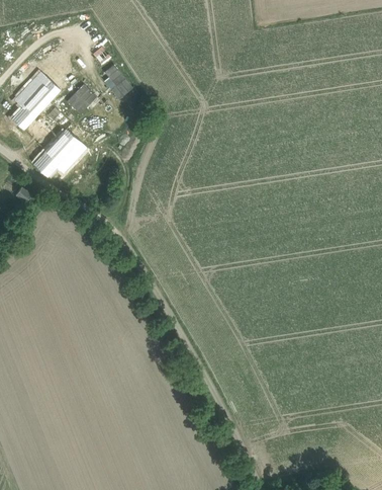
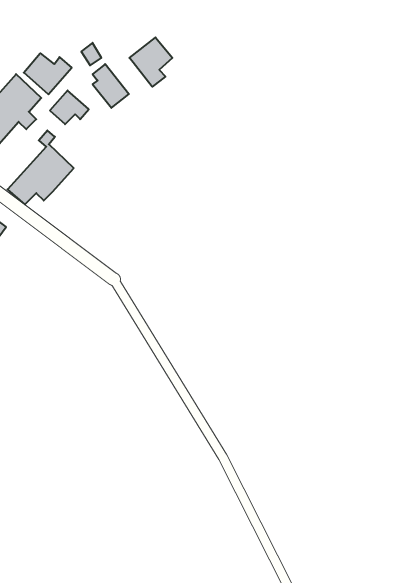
building: none -> [129,37,172,87]
building: none -> [24,53,72,94]

